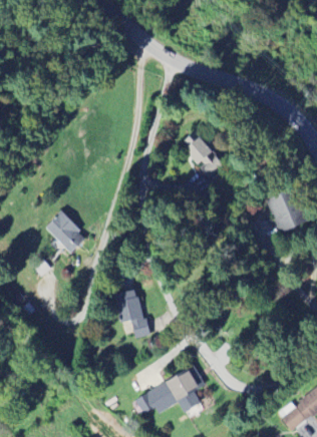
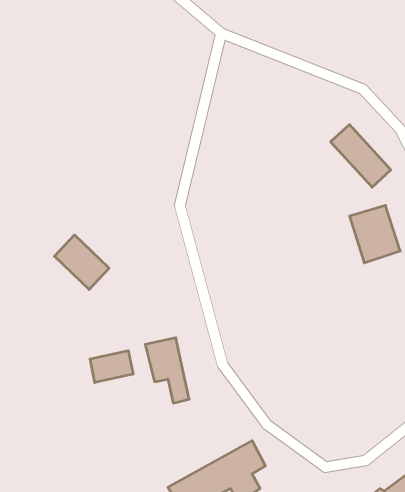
building: [180,131,225,178] -> [331,125,391,187]
building: none -> [90,351,133,383]

